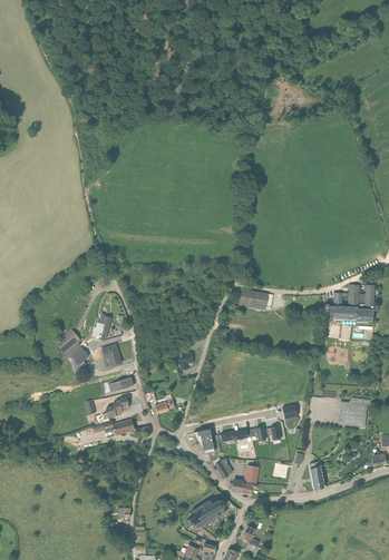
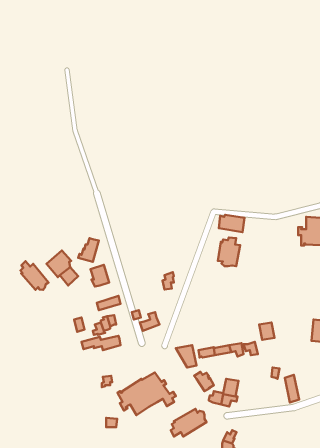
building: none -> [218,237,240,266]
building: none -> [20,261,48,290]
building: none -> [117,372,176,415]

